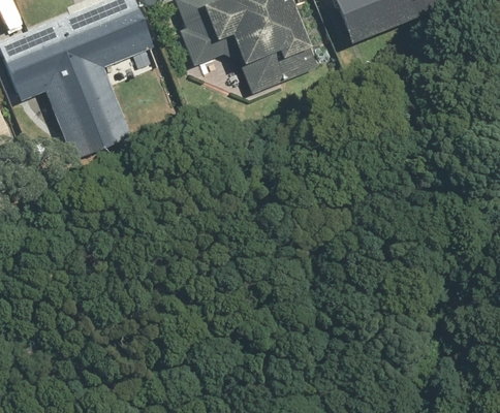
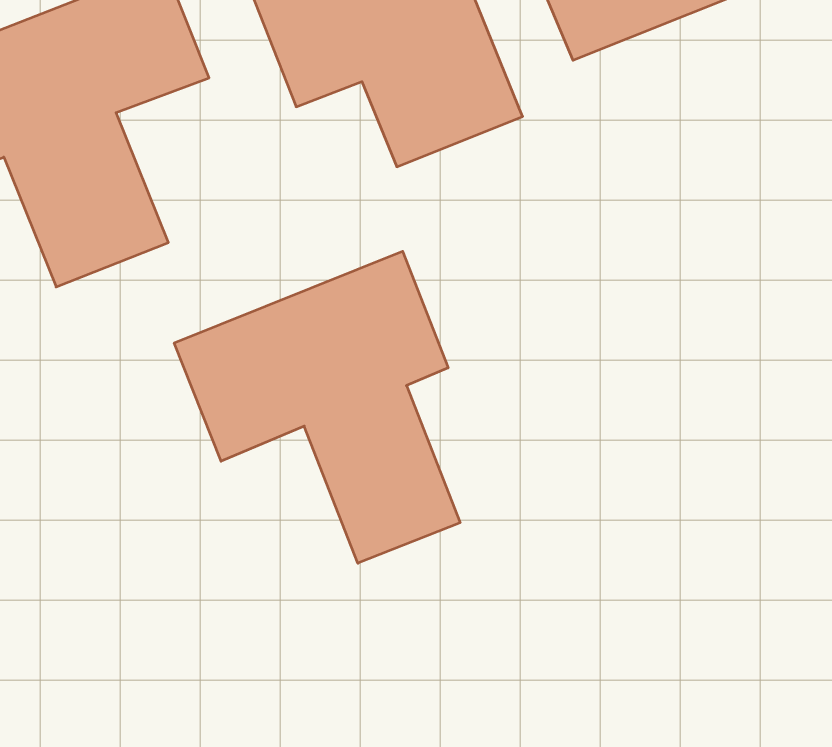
building: none -> [174,251,460,563]

